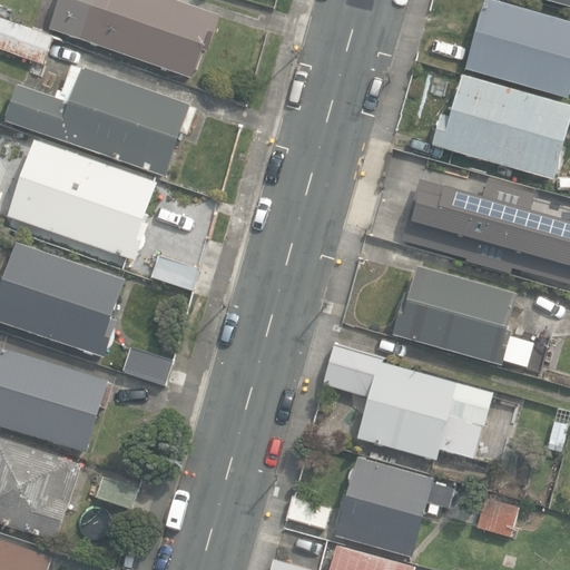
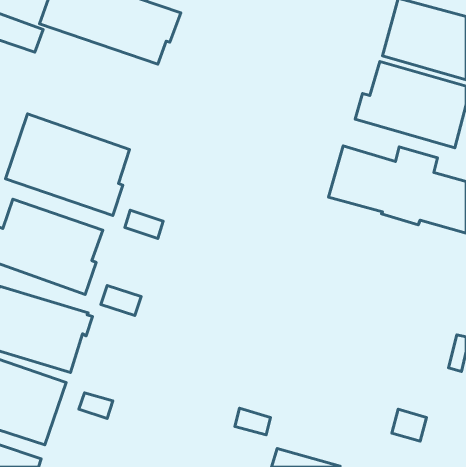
building: [4,65,196,175] -> none
building: [391,265,532,366] -> none
building: [321,344,492,461] -> none
building: [334,456,453,556] -> none

